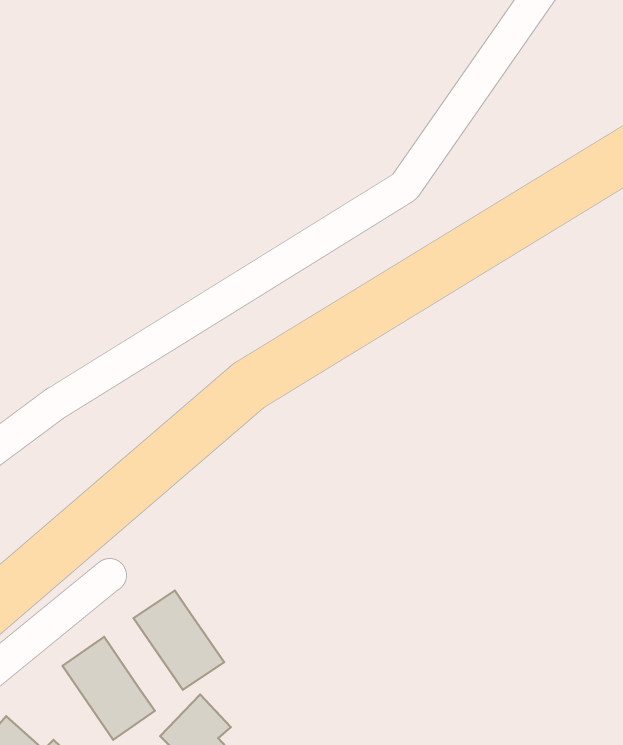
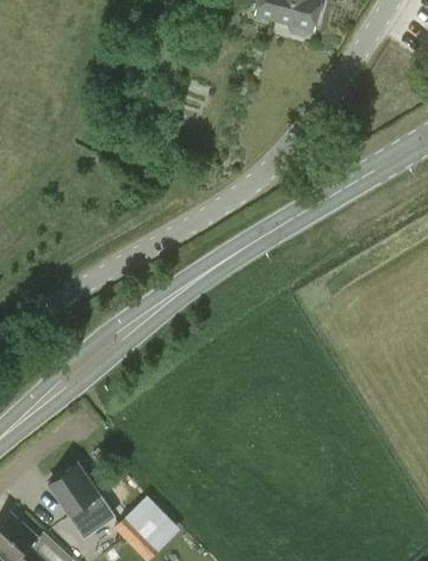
building: [134,590,224,690] -> none

